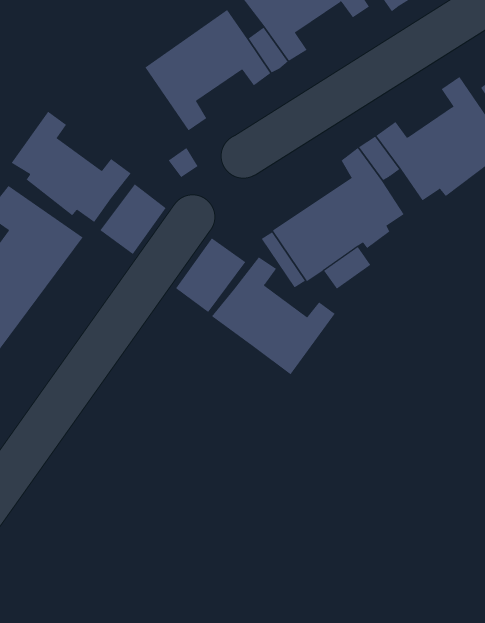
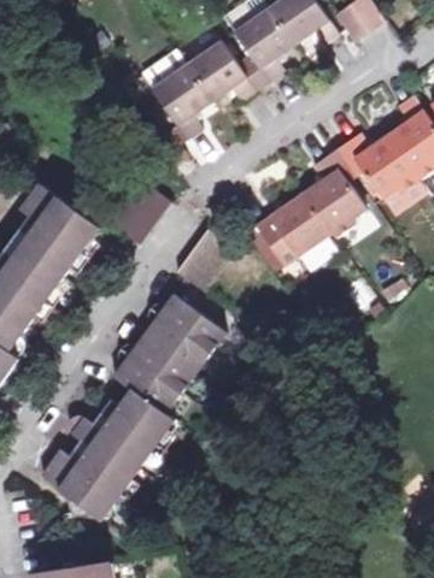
building: [11,111,131,223] -> none
building: [211,257,335,375] -> none
building: none -> [39,293,225,519]

